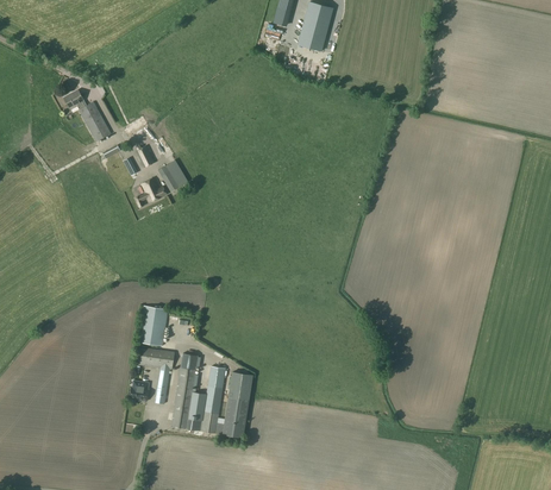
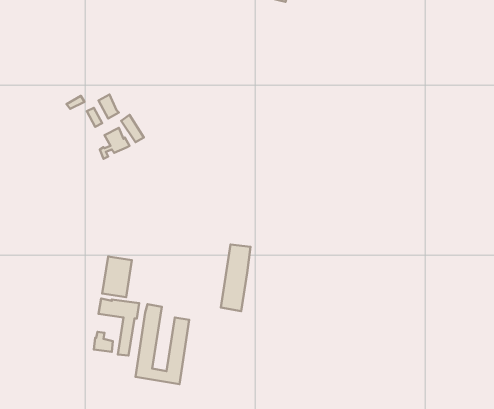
building: [63,89,111,140] -> none
building: [223,370,252,436] -> [221,244,251,311]

